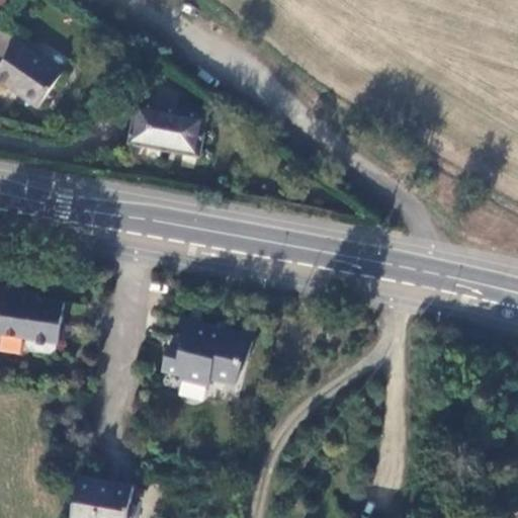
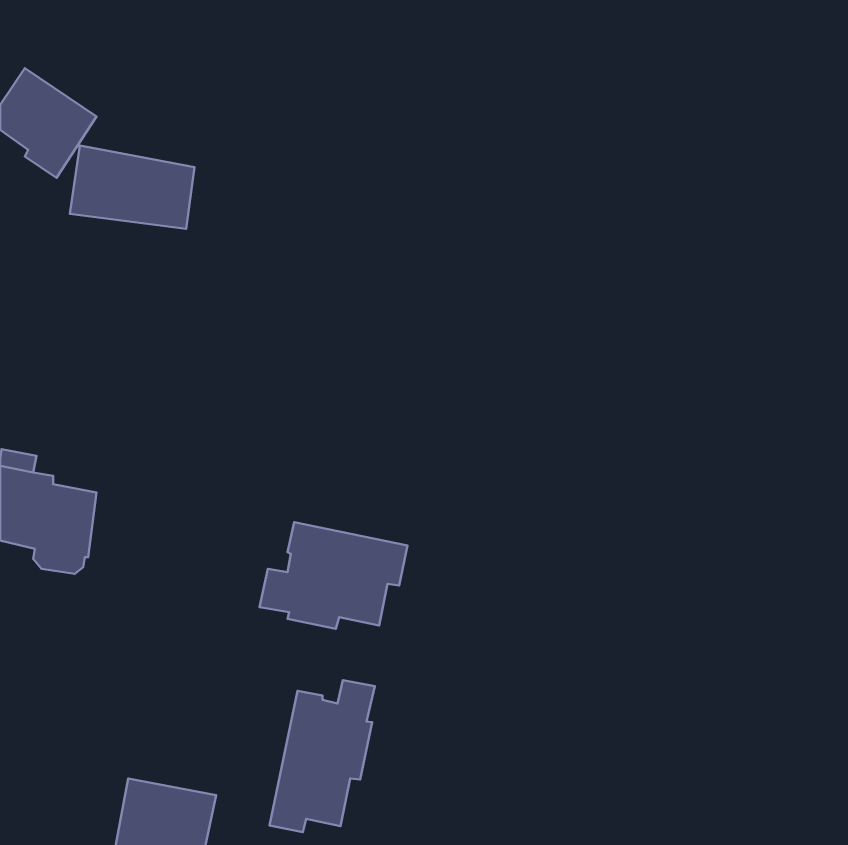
building: [125,103,201,154] -> [70,146,195,229]
building: none -> [270,680,375,832]

